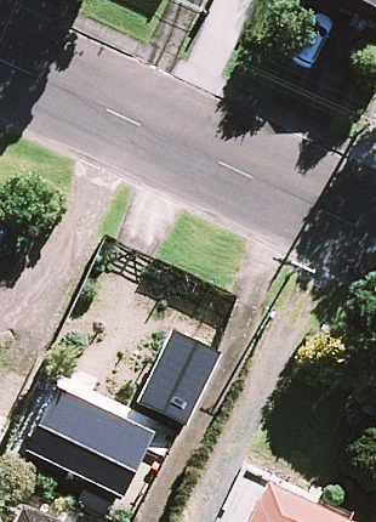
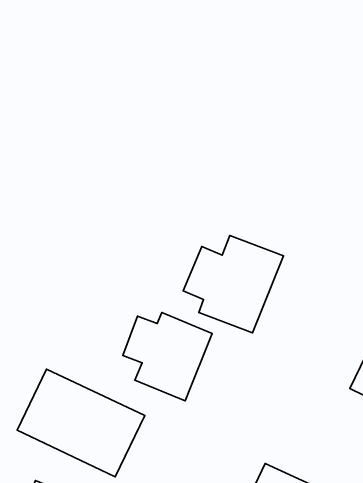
building: none -> [183,235,283,333]

